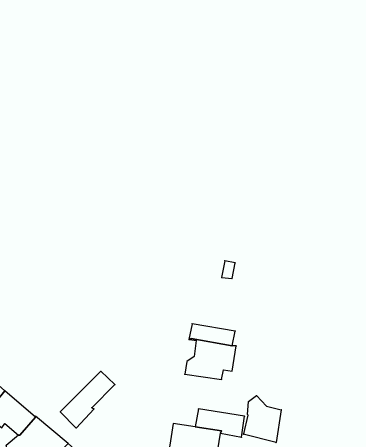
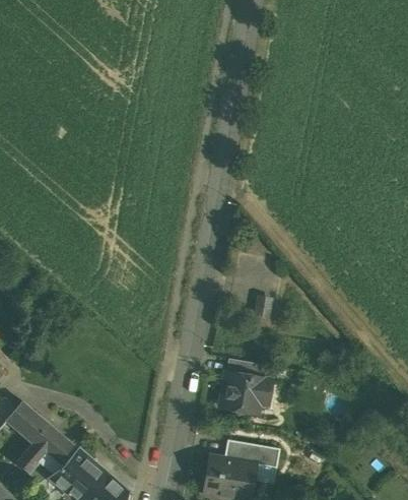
building: [60,371,115,428] -> none
building: [243,396,281,443] -> none

